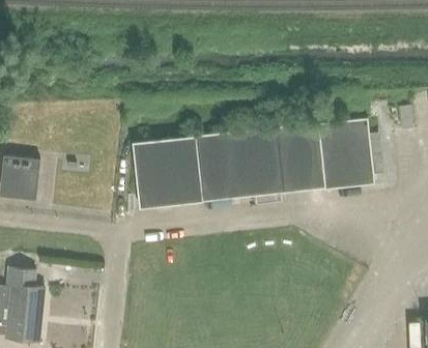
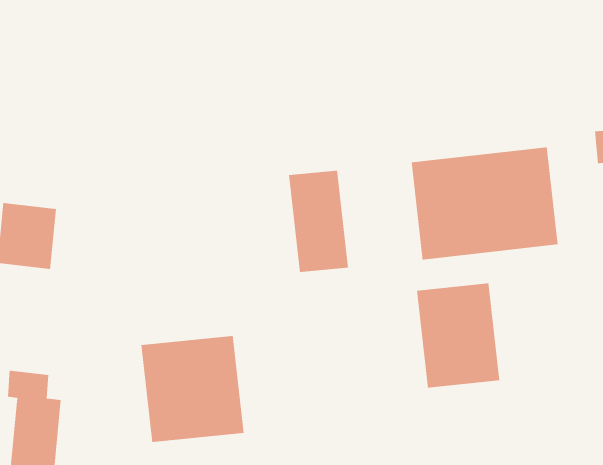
building: [227,127,283,198] -> [416,283,500,388]
building: [132,136,201,207] -> [140,335,245,443]

